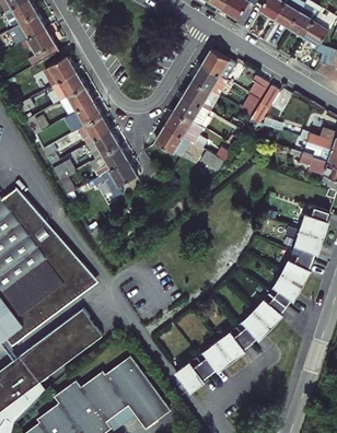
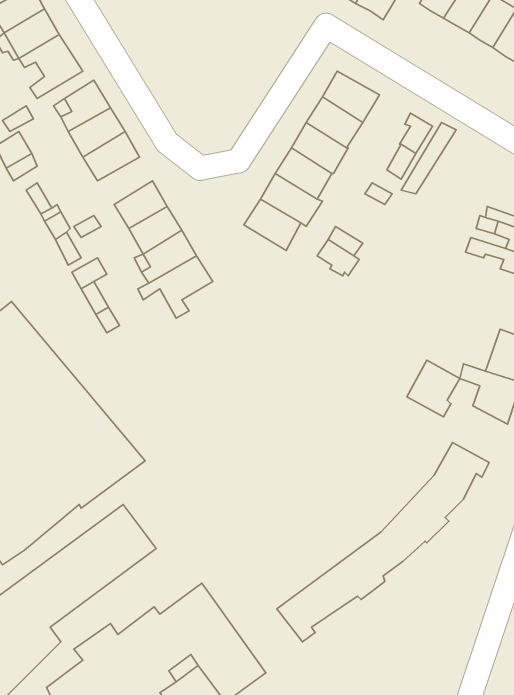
building: [65,102,101,132] -> none
building: [280,250,312,284] -> [407,360,460,417]

